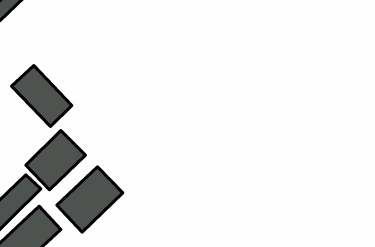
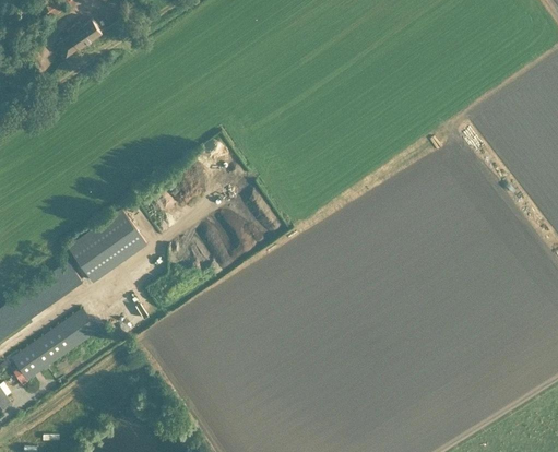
building: [12,65,72,127] -> none
building: [57,167,123,232] -> none

